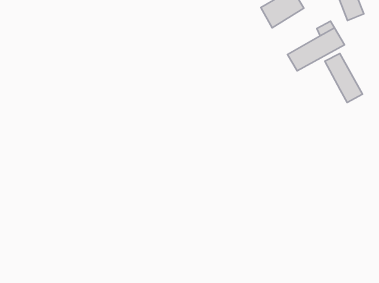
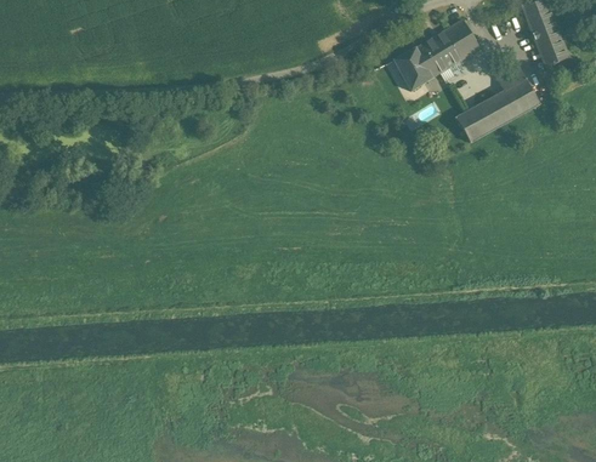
building: none -> [393,47,432,91]
building: [325,54,363,102] -> none

